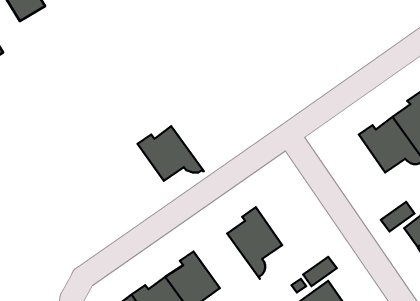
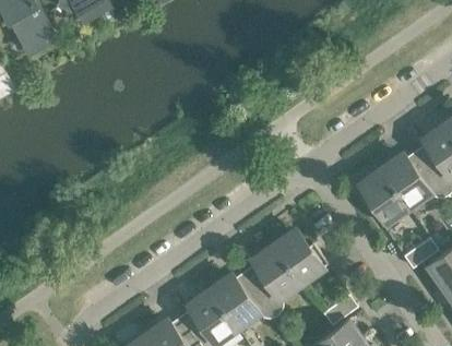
building: [138,126,204,181] -> [209,271,277,327]
building: none -> [361,168,407,226]
building: none -> [273,232,326,283]

